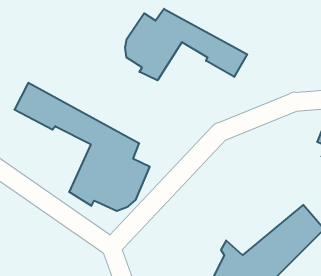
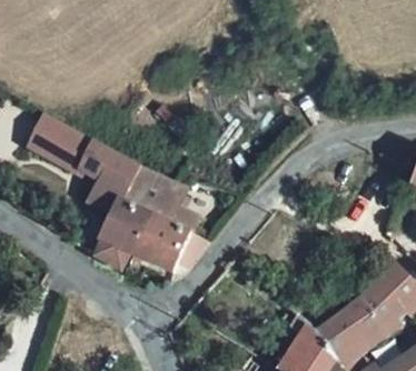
building: [125,9,247,80] -> none

